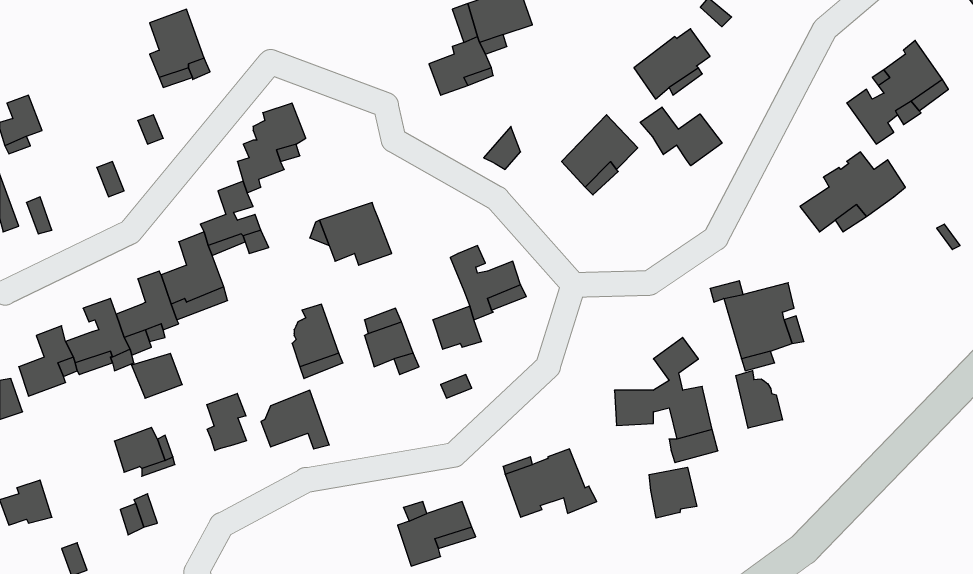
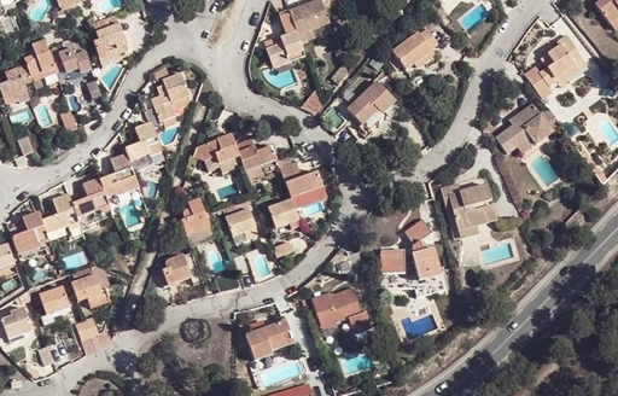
building: none -> [24,39,53,77]
building: none -> [59,46,92,72]
building: [640,107,722,166] -> none
building: none -> [234,140,276,170]
building: [131,353,182,398] -> [39,285,70,313]
building: [736,371,783,428] -> none
building: [207,393,247,451] -> none
building: [649,467,697,518] -> none

